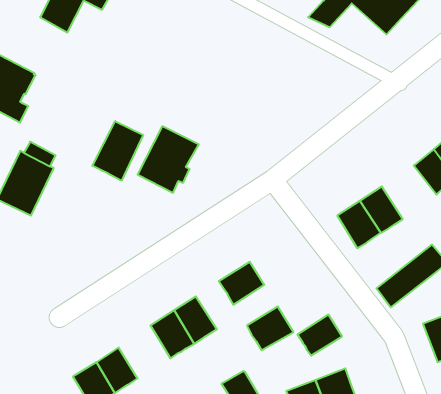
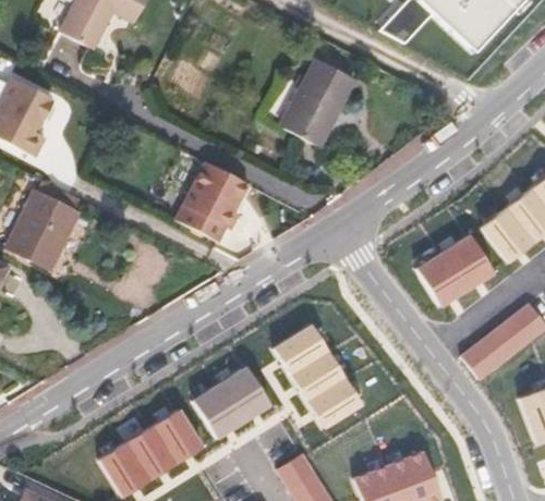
building: none -> [280,58,355,147]
building: [92,121,143,181] -> none
building: none -> [480,208,534,262]
building: [297,315,342,356] -> [291,351,344,400]
building: none -> [154,410,204,463]

